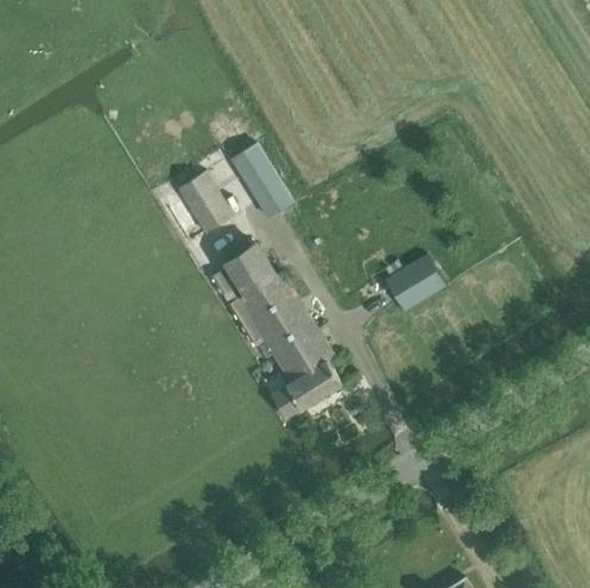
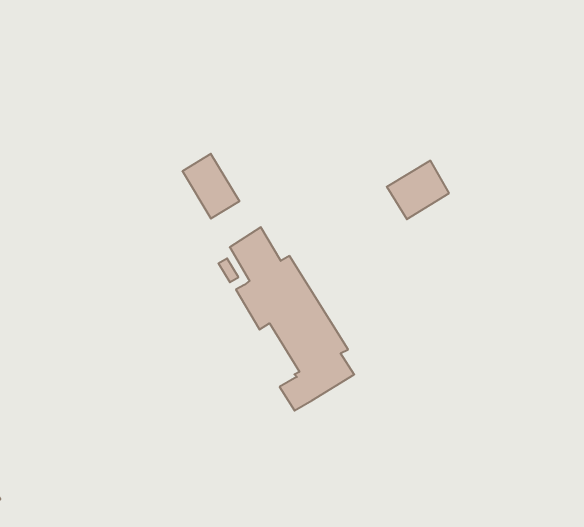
building: [231,144,295,217] -> none
building: [384,256,444,312] -> [387,161,449,219]

